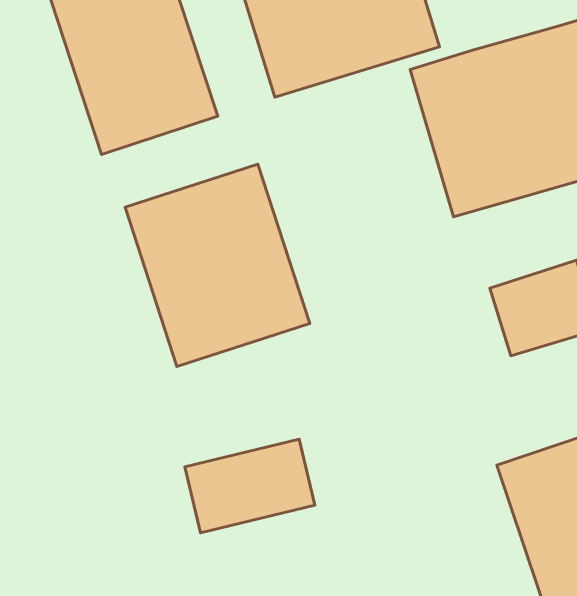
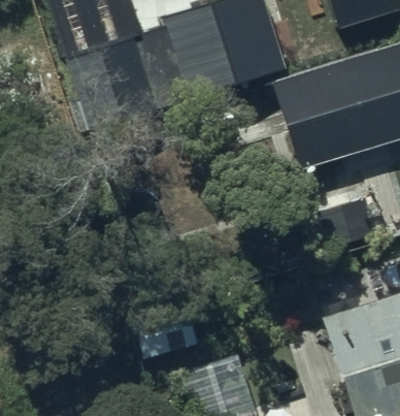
building: [125,164,310,367] -> none

